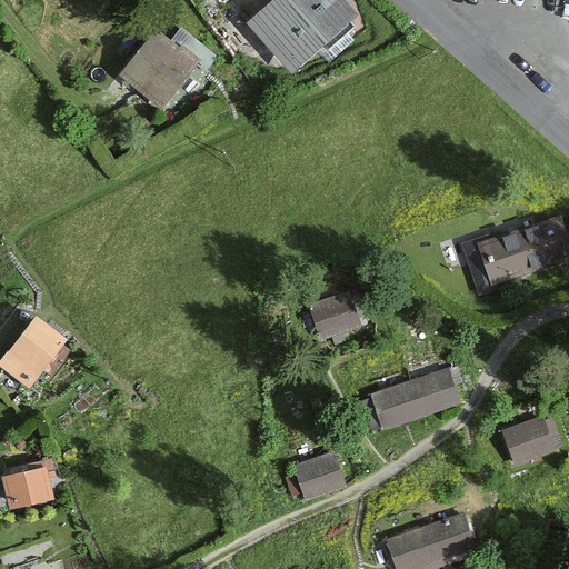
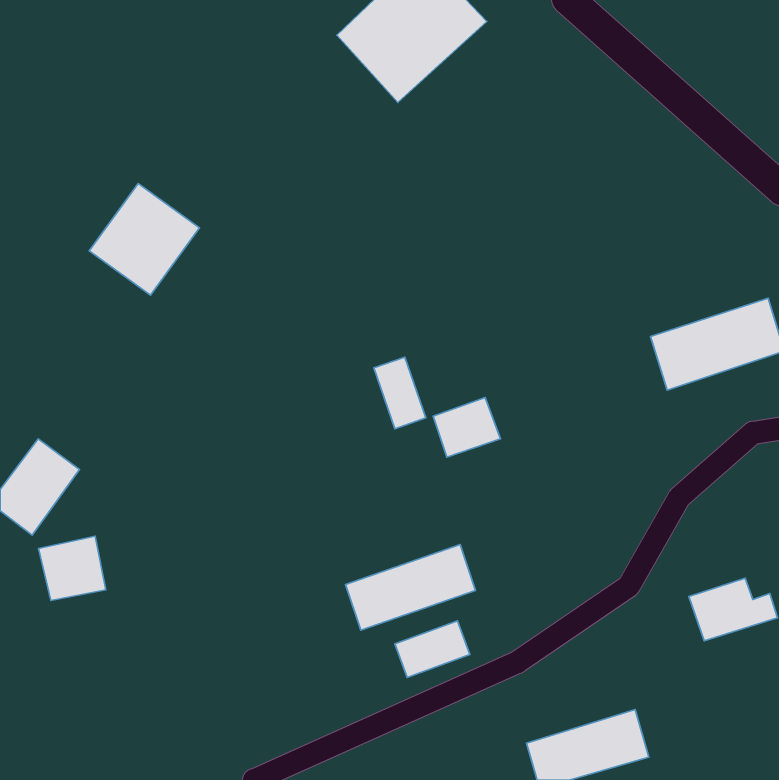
building: [116,28,196,109] -> [89,183,199,295]
building: none -> [374,357,426,429]
building: [376,366,470,428] -> [345,545,476,630]
building: [9,461,58,508] -> [39,536,106,600]

